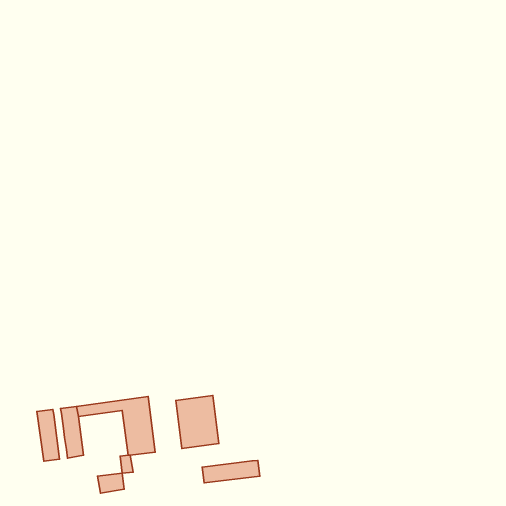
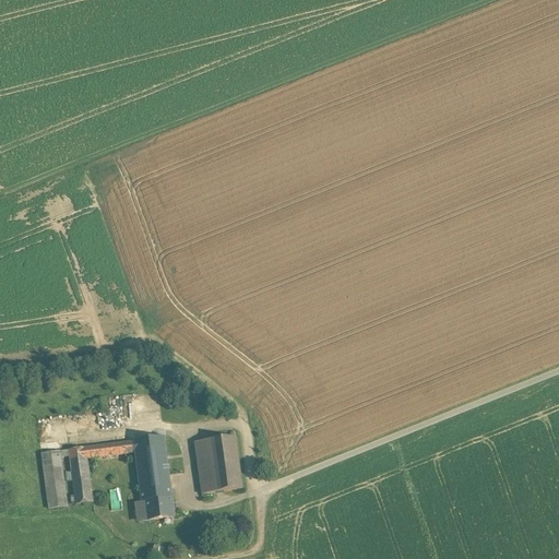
building: [202,460,260,483] -> none
building: [97,473,124,493] -> [143,497,173,519]

